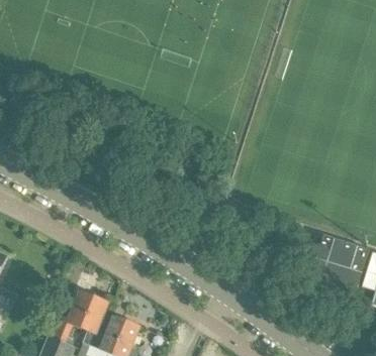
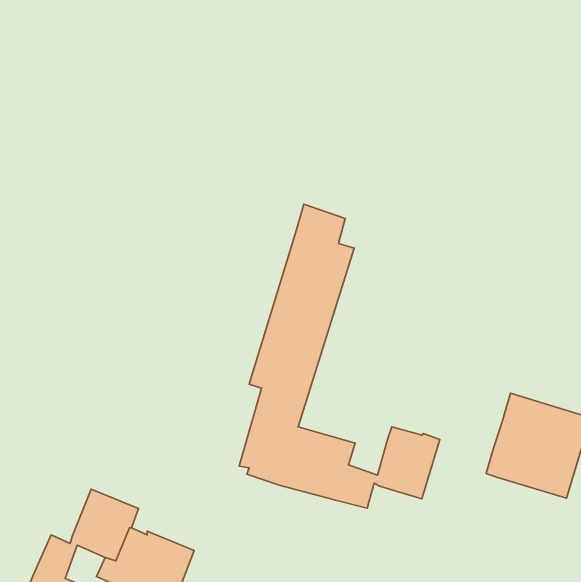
building: none -> [239,204,440,508]

